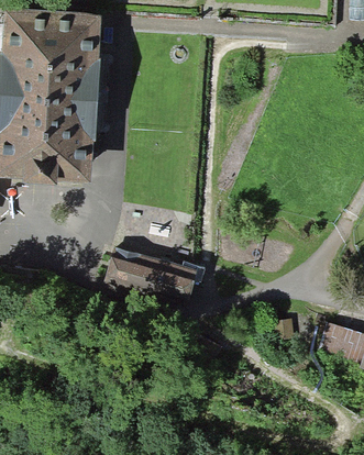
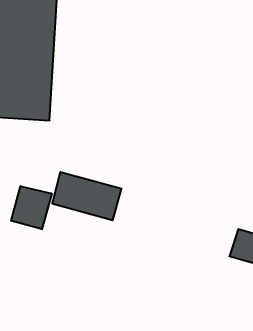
building: none -> [11,186,52,229]

